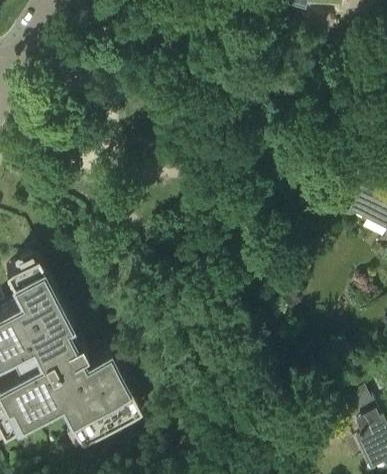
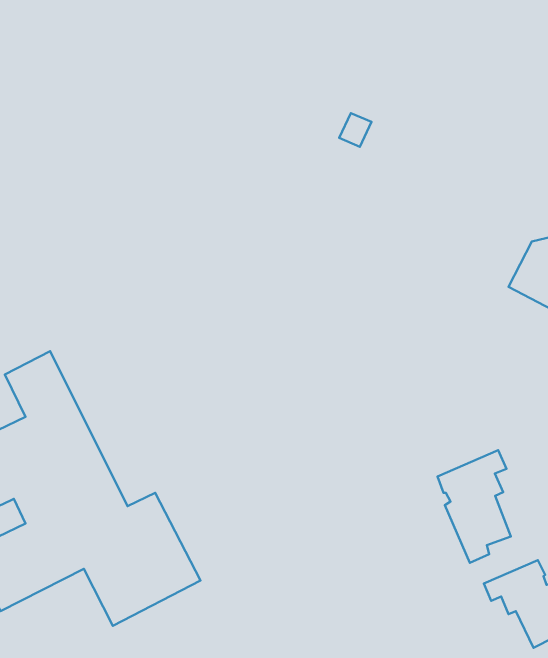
building: none -> [437,450,511,563]

